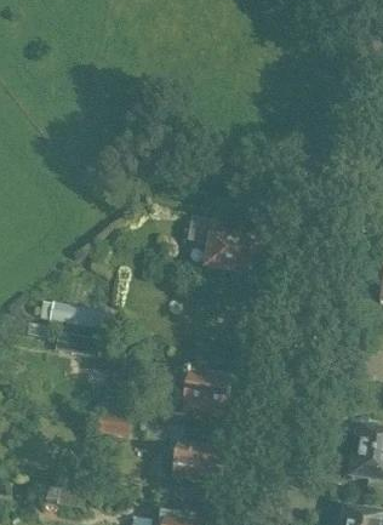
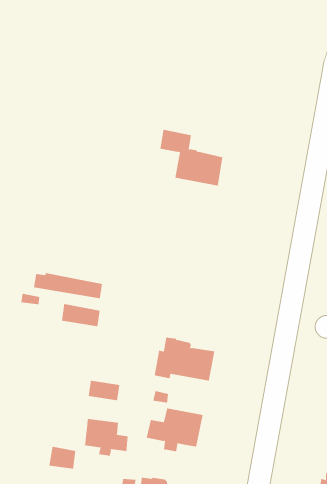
building: [190,217,257,276] -> [159,129,223,186]
building: none -> [84,418,128,457]

